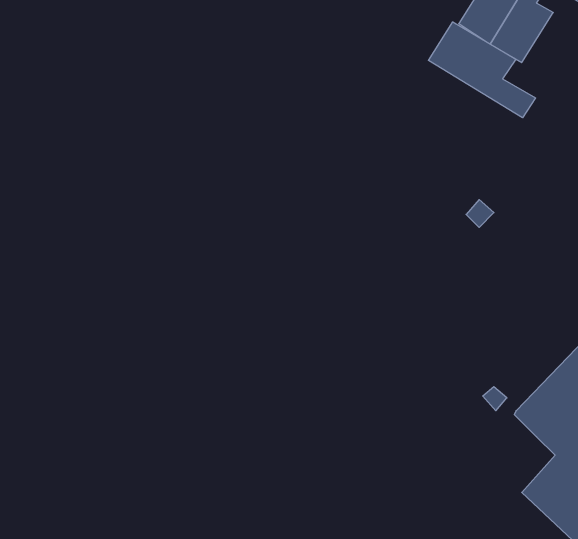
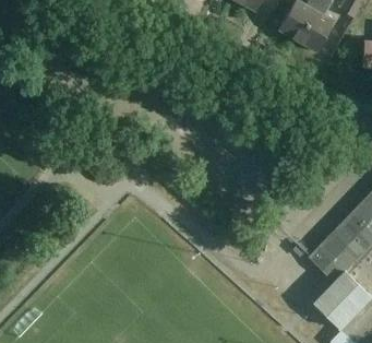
building: [428,22,536,118] -> none

